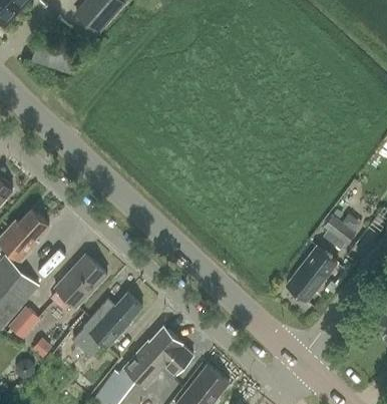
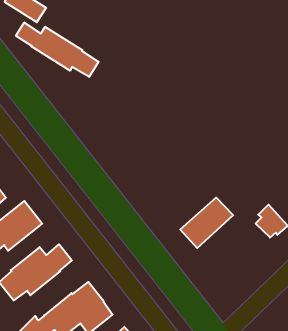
building: none -> [16,22,99,77]
building: [288,248,339,302] -> [180,198,233,248]

